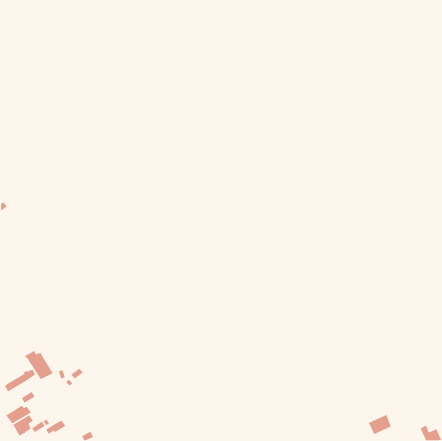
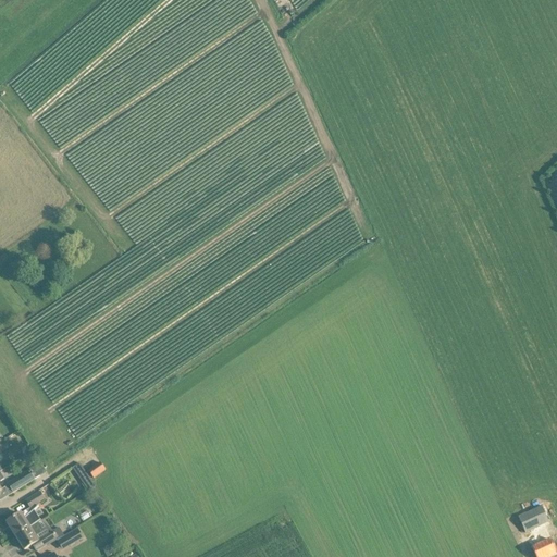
building: [24,350,54,380] -> none
building: [368,414,392,435] -> [518,505,548,532]

